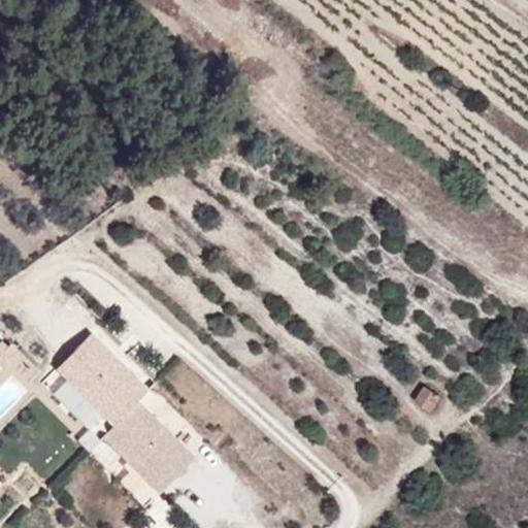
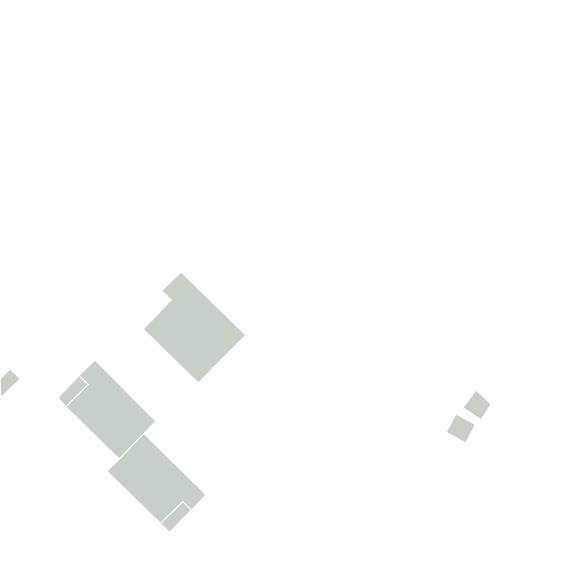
building: none -> [143,272,246,383]

